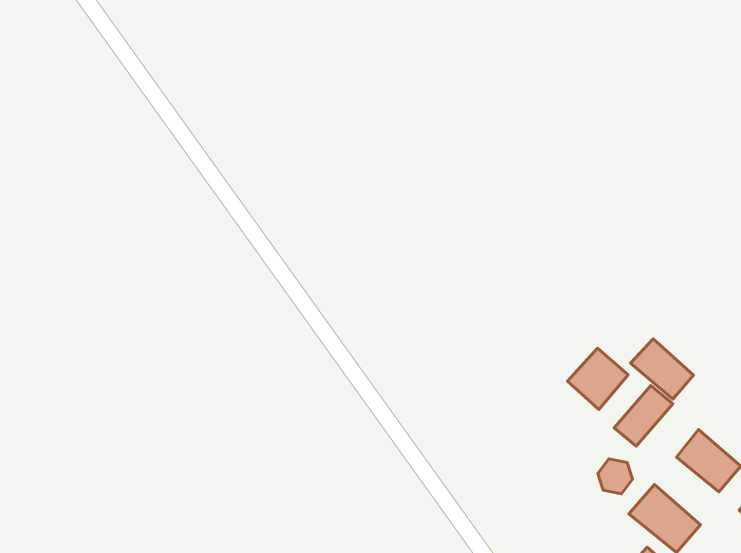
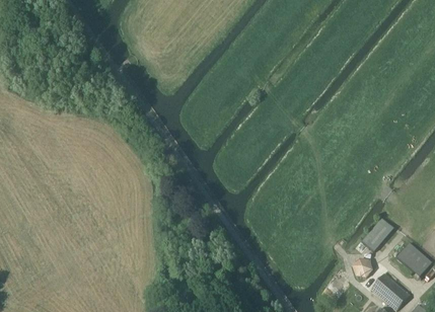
building: [631,339,693,399] -> none
building: [567,348,628,410] -> none

